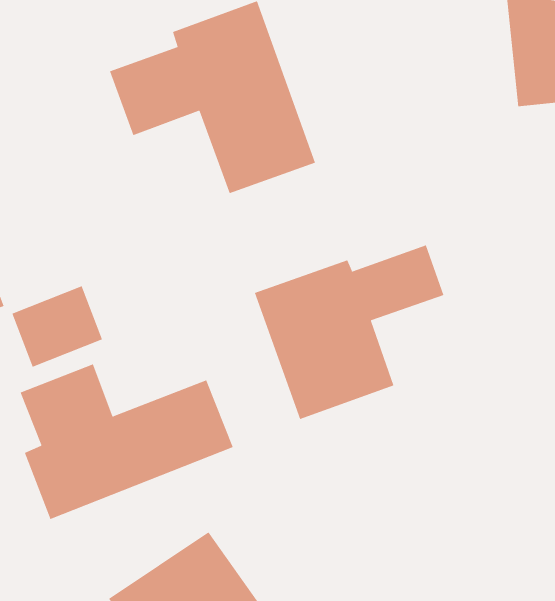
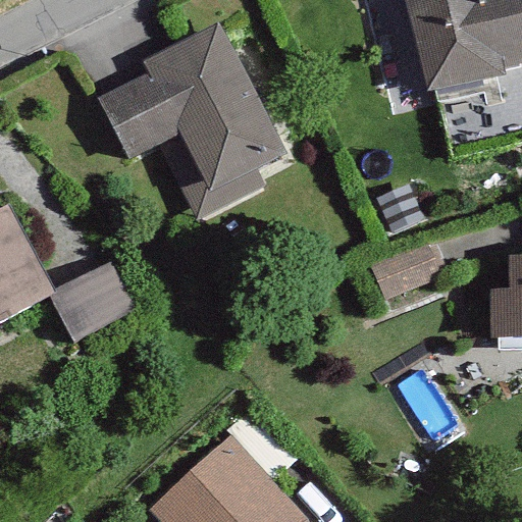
building: [254,245,444,420] -> none
building: [20,363,234,520] -> none

